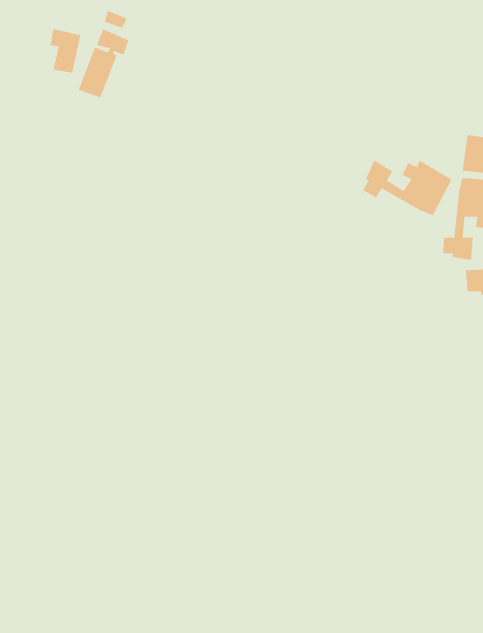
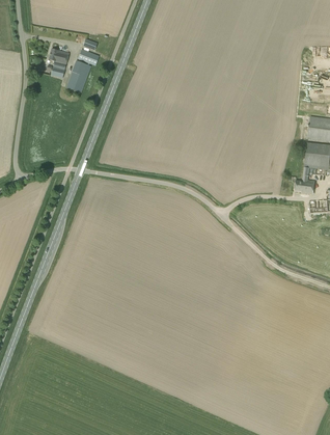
building: [362,159,452,216] -> none

